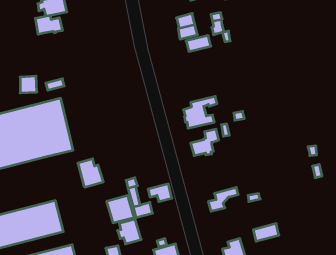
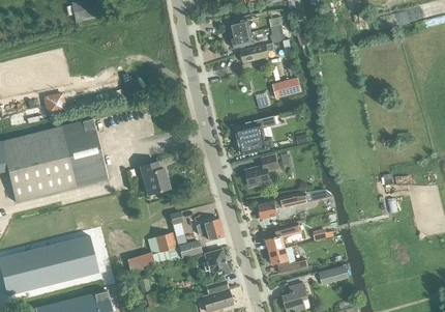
building: [35,15,62,34] -> none
building: none -> [271,78,301,98]
building: [78,159,103,187] -> [139,162,169,195]
building: none -> [258,191,306,219]
building: none -> [268,246,307,274]
building: [117,219,141,244] -> [201,249,229,278]

